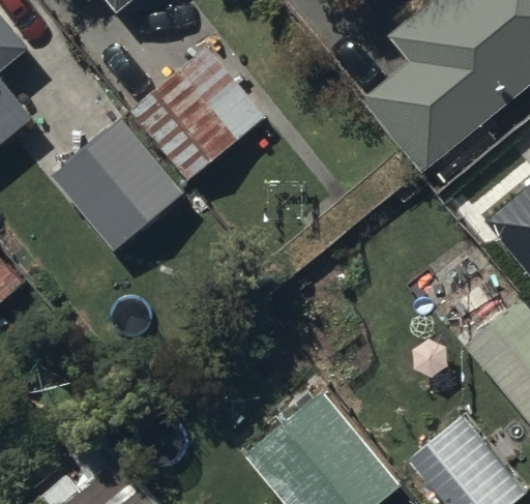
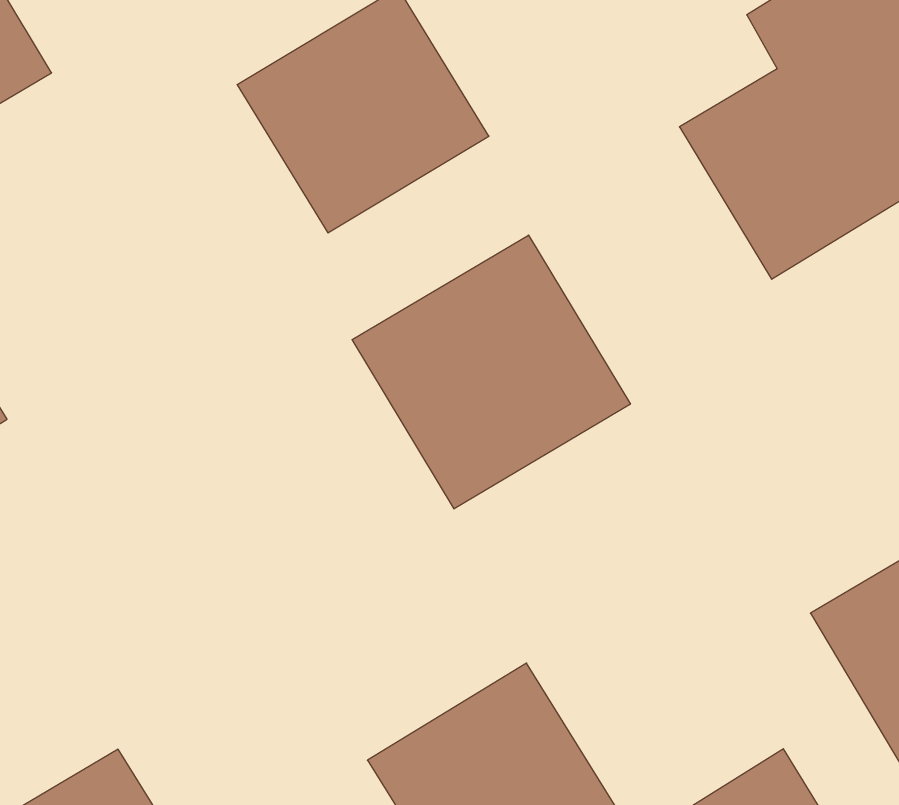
building: [51,117,185,253] -> none
building: none -> [352,235,630,509]

